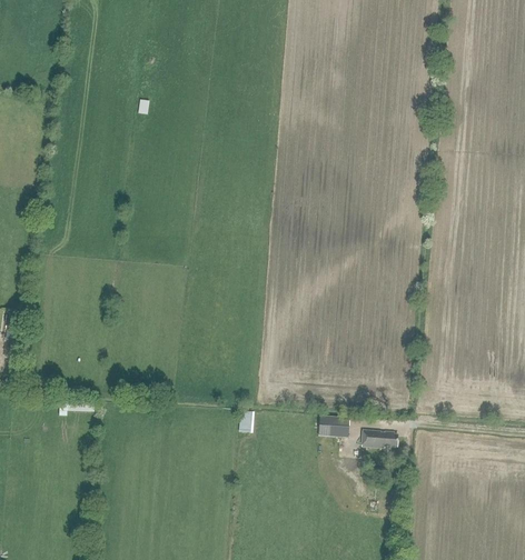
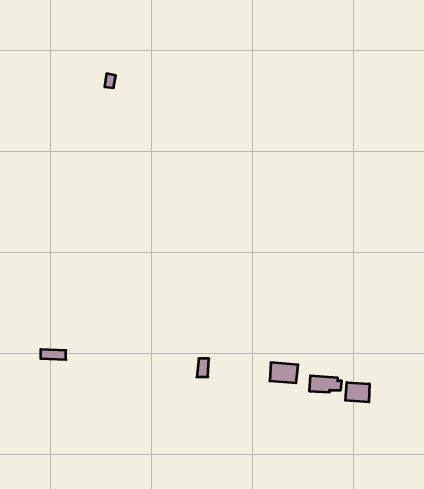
building: none -> [345,382,369,402]

